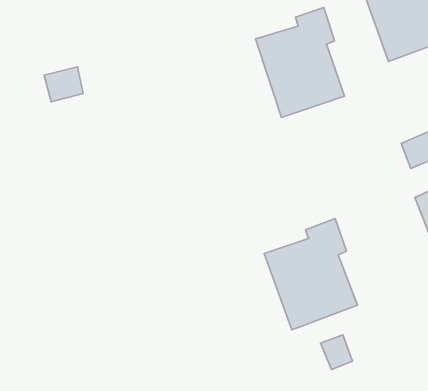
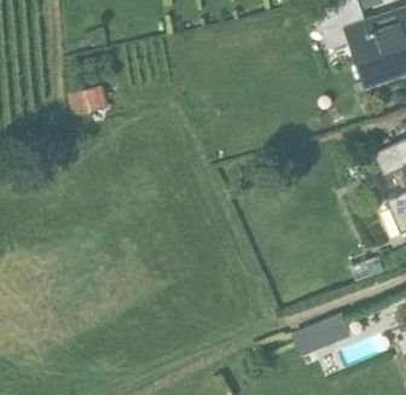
building: [256,7,344,118] -> none
building: [264,219,357,330] -> none

